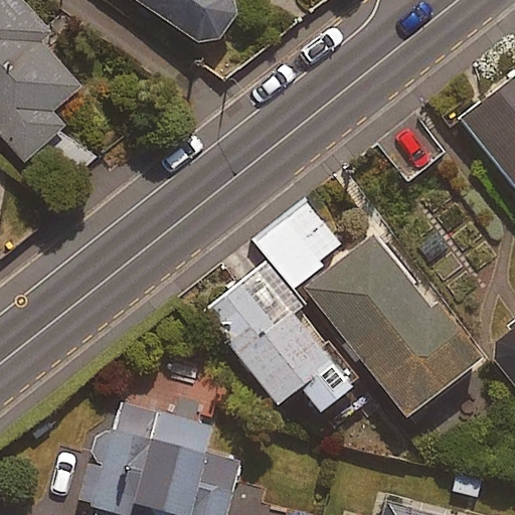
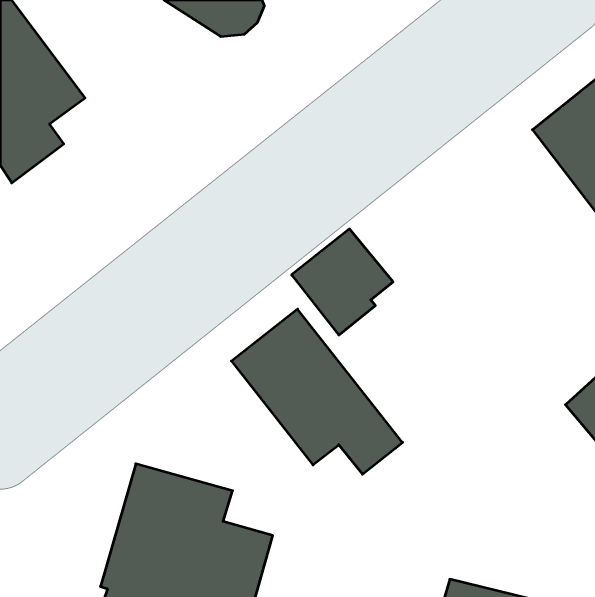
building: [305,234,475,413] -> none

